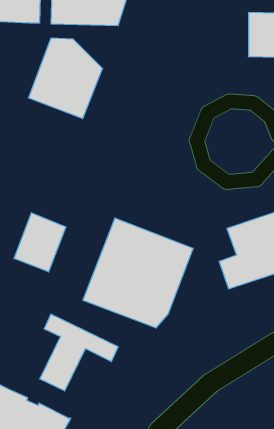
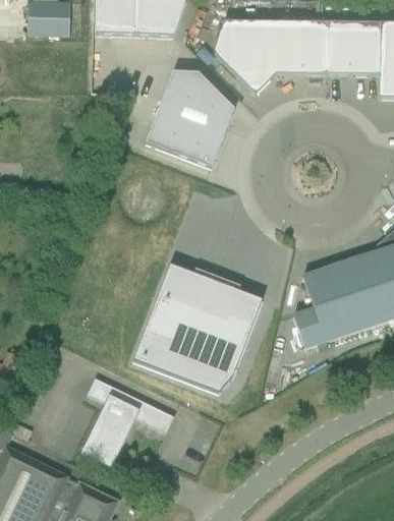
building: none -> [214,20,328,94]
building: [28,38,103,119] -> [147,72,234,167]
building: [14,213,66,272] -> none

